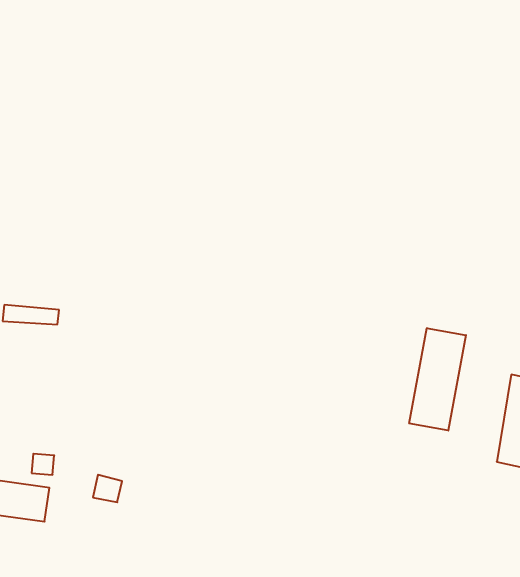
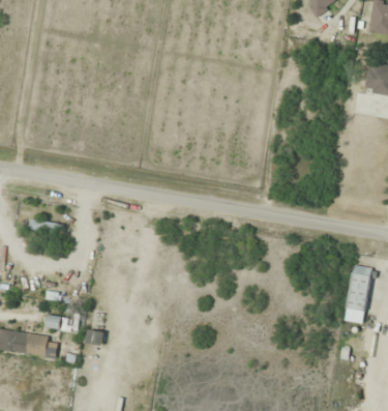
building: [409,328,466,431] -> none

